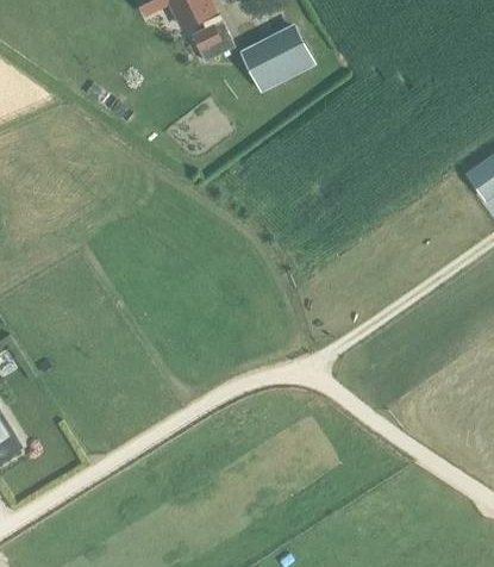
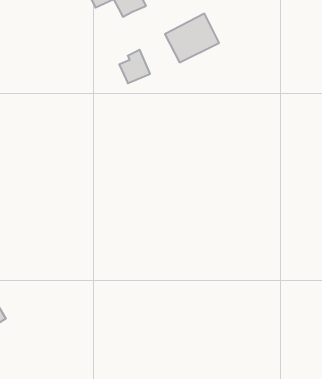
building: [190,13,233,60] -> [119,50,150,83]

